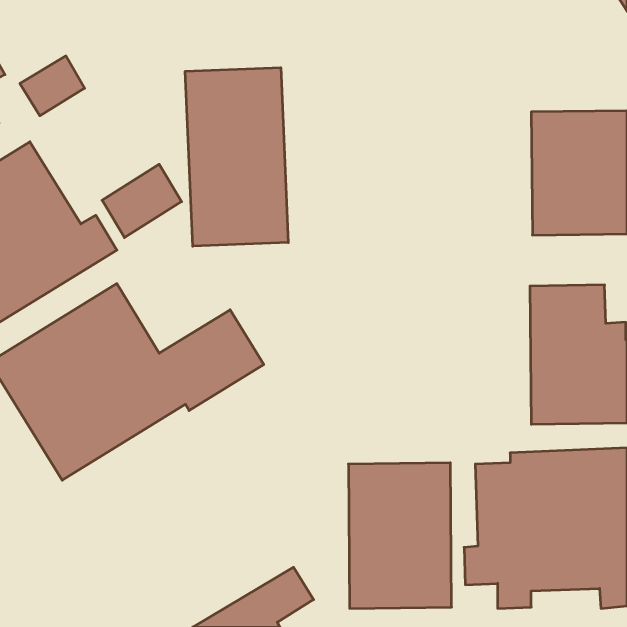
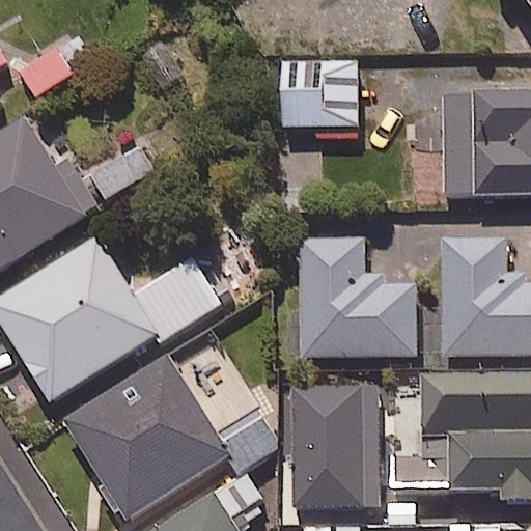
building: [185,68,288,246] -> none
building: none -> [282,60,357,125]
building: none -> [300,237,414,356]
building: none -> [65,356,279,519]

